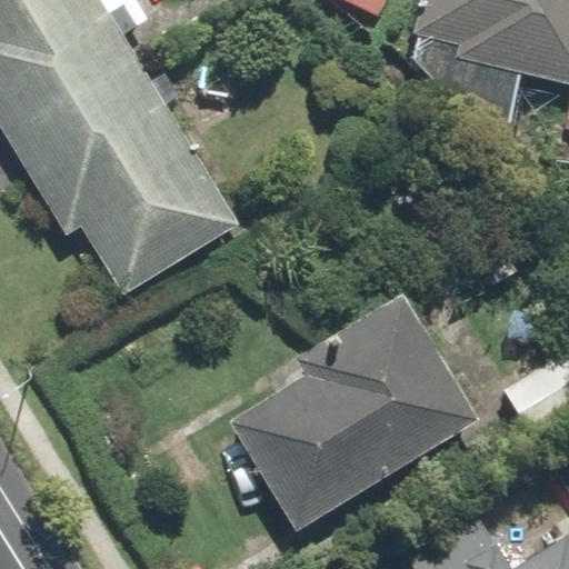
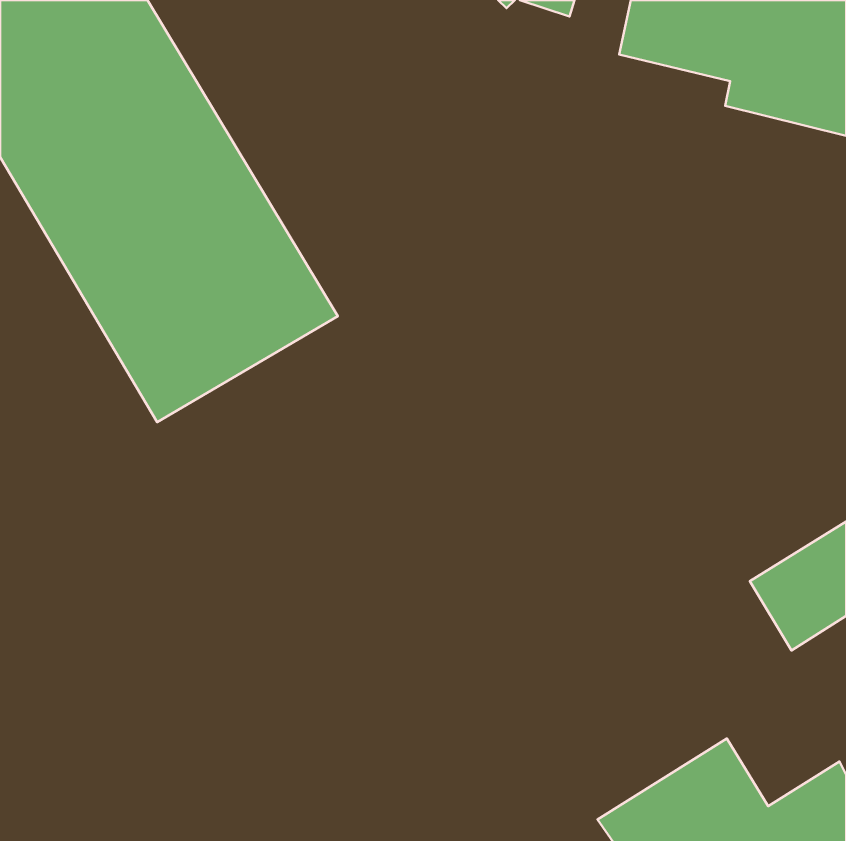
building: [249,325,467,521] -> none

